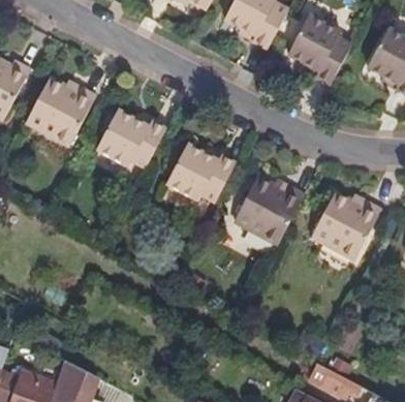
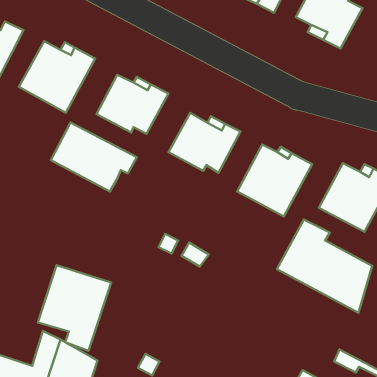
building: none -> [51,122,137,191]
building: none -> [277,219,372,313]
building: none -> [38,265,111,351]

